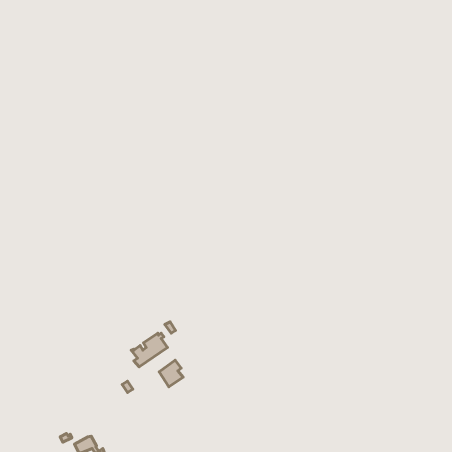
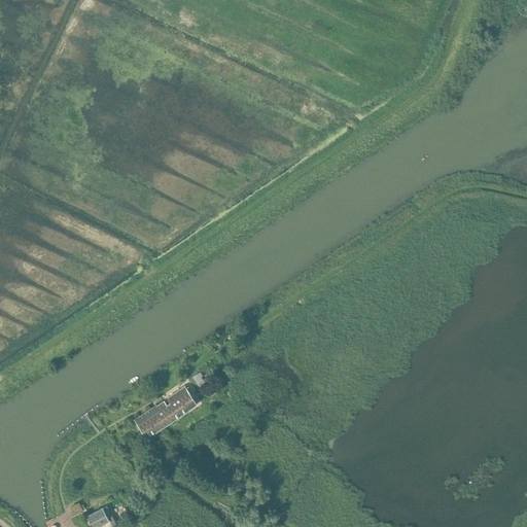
building: [159,360,183,387] -> [134,408,162,438]

